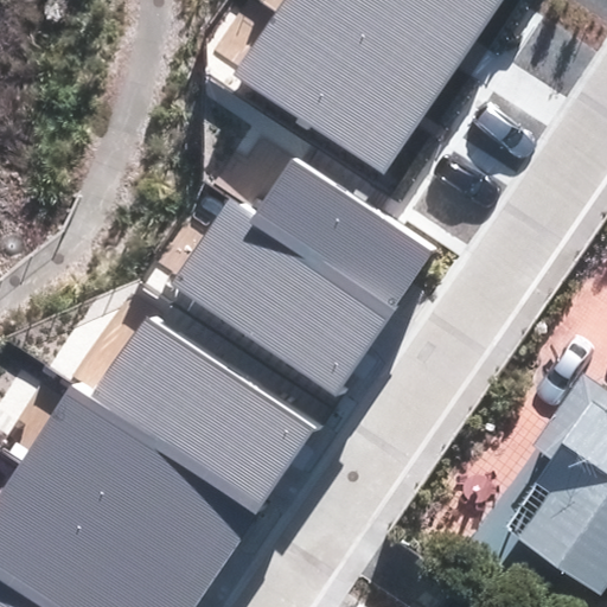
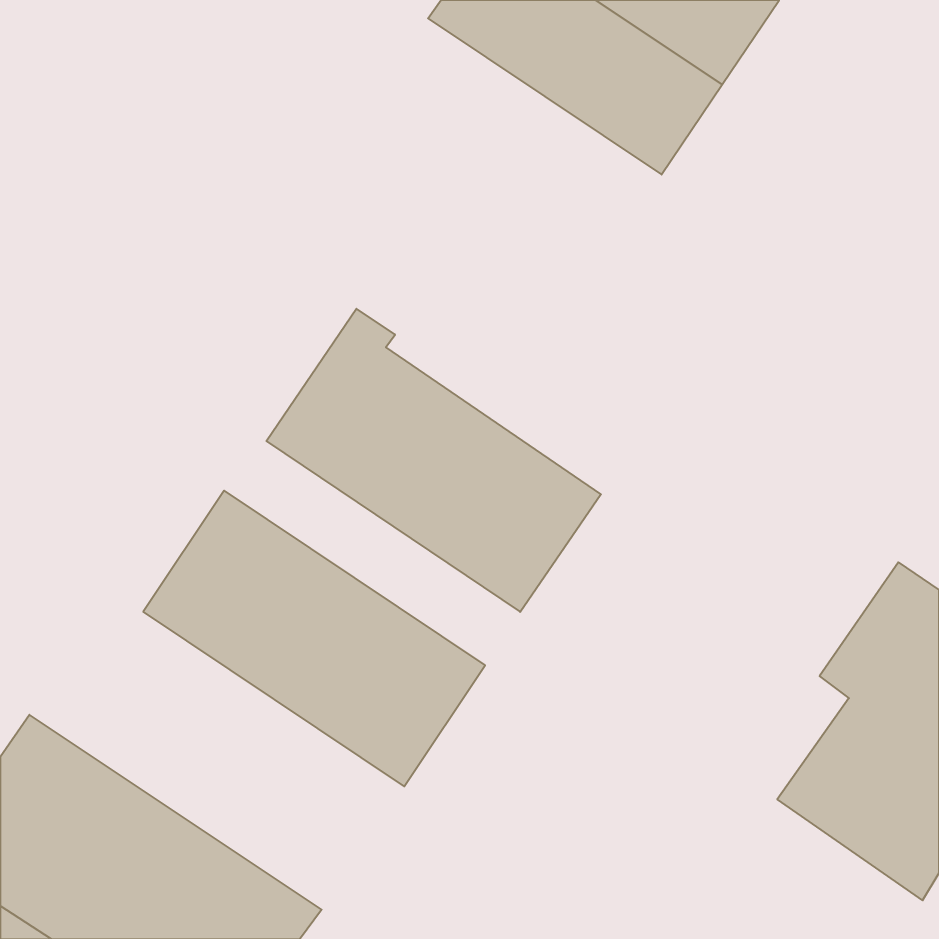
building: [234,12,427,175] -> none
building: [249,159,433,319] -> none
building: [19,382,261,587] -> none

